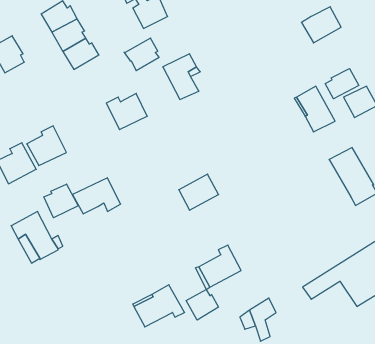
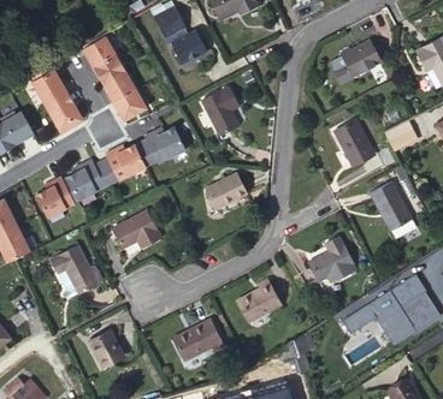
building: [124,38,159,71] -> [112,89,147,121]
building: none -> [45,96,82,132]
building: [325,69,359,99] -> none
building: none -> [106,145,147,181]
building: [179,174,219,210] -> [206,173,246,209]
building: [44,184,78,218] -> none
building: none -> [308,237,355,282]
building: [186,290,218,320] -> none
building: none -> [91,330,124,369]

